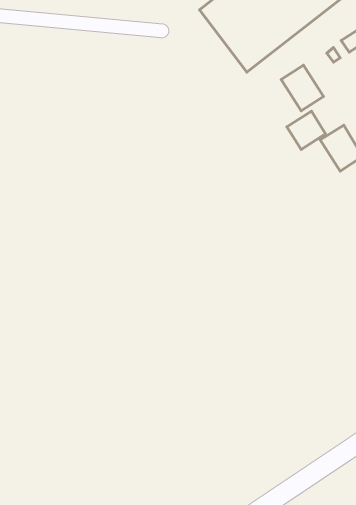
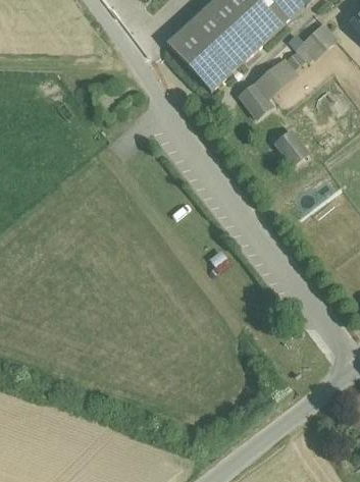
building: [287,111,326,150] -> none

